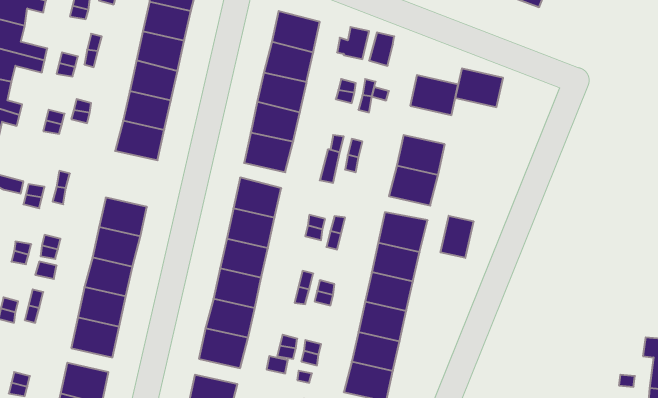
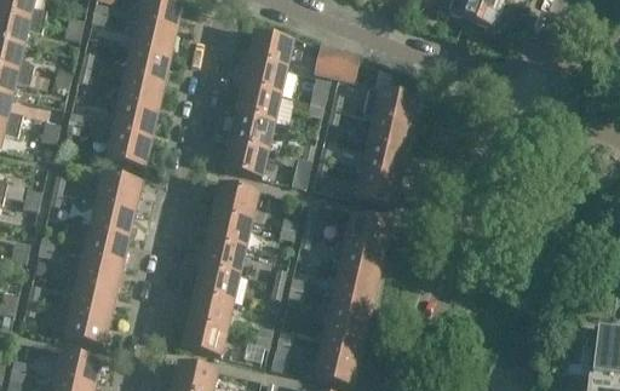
building: [455,68,503,107] -> [368,117,412,153]
building: none -> [97,173,140,209]
building: [441,216,473,258] -> none

